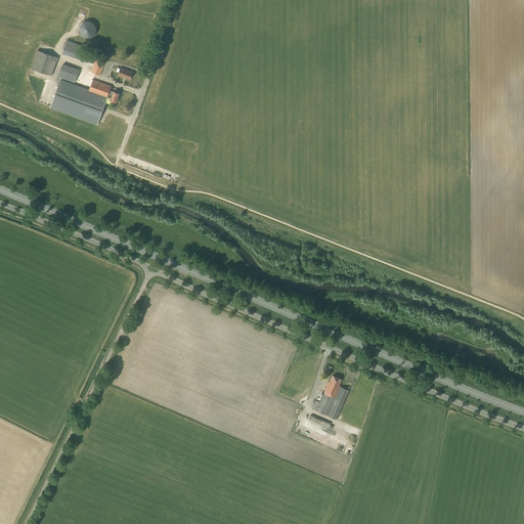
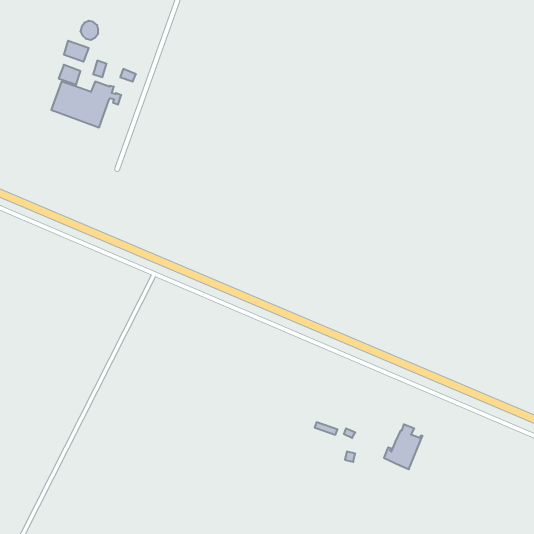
building: [31,50,58,76] -> none
building: [312,376,350,420] -> [384,424,423,469]

